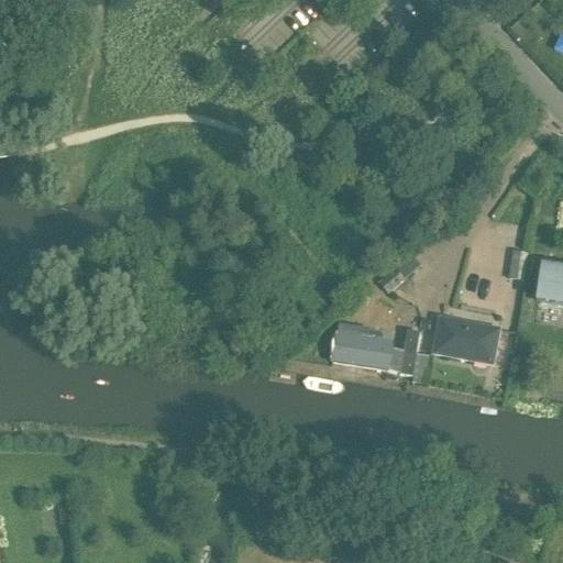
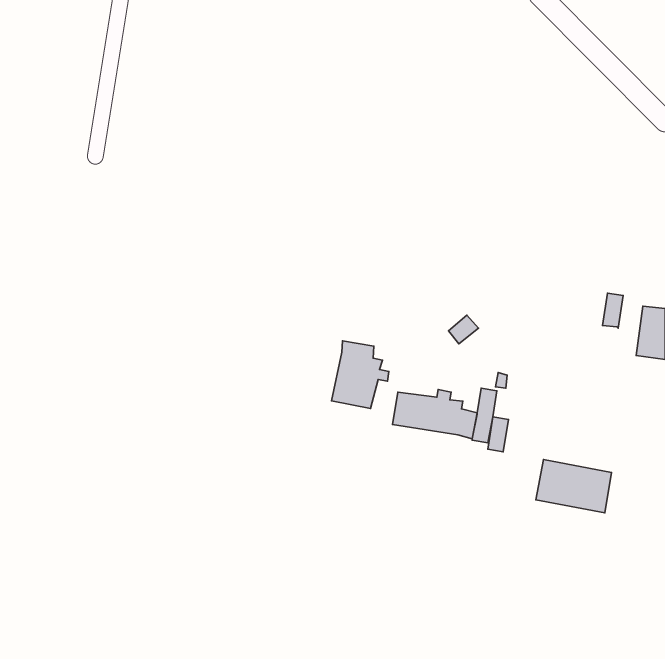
building: none -> [332,341,389,408]
building: [433,317,497,362] -> [536,459,611,513]

